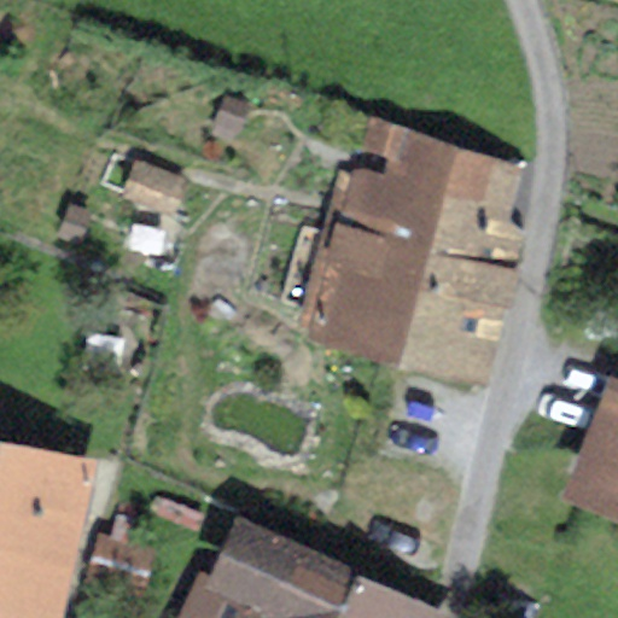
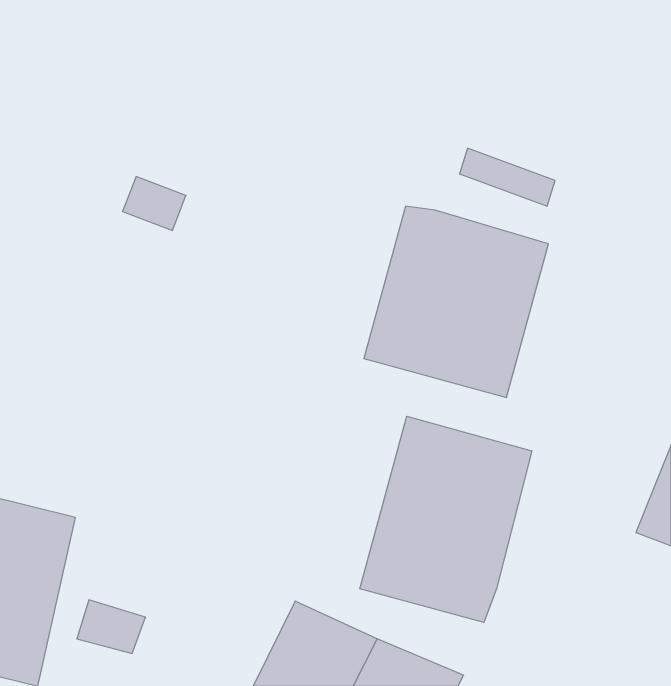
building: none -> [360,416,532,623]

